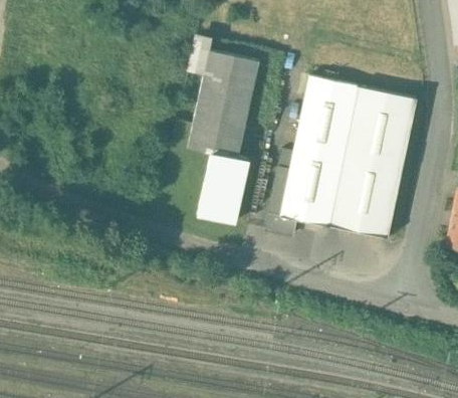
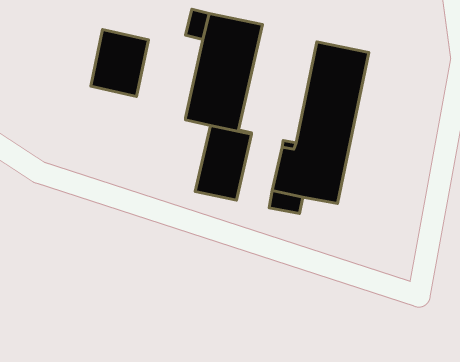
building: none -> [91,30,148,97]
building: [328,86,417,239] -> none

